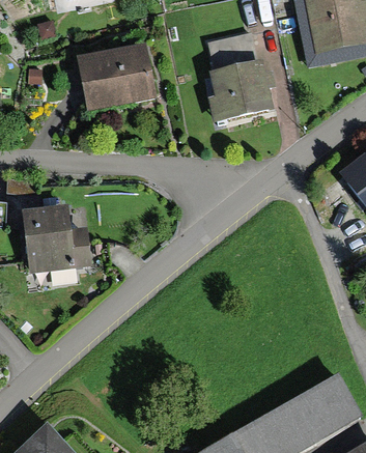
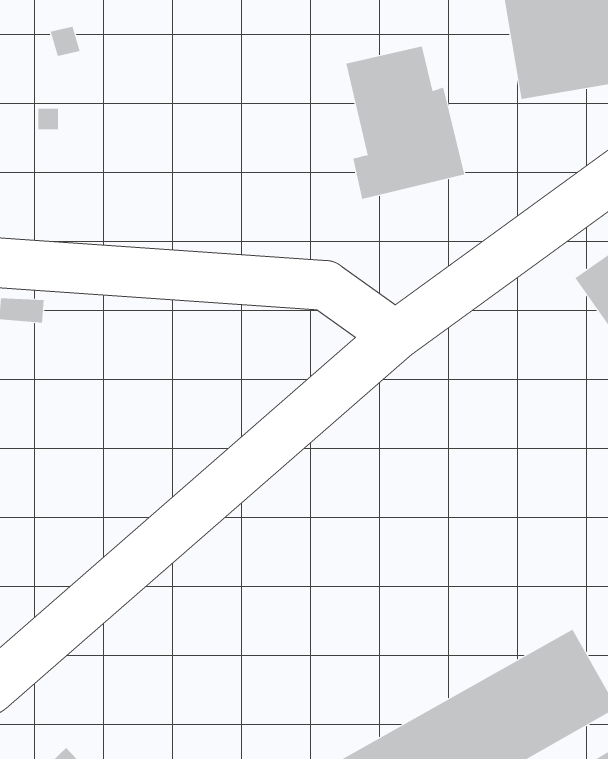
building: [76,43,158,110] -> none
building: [21,216,85,274] -> none

